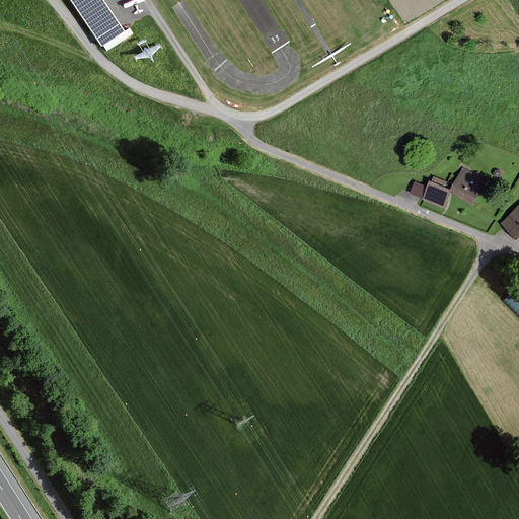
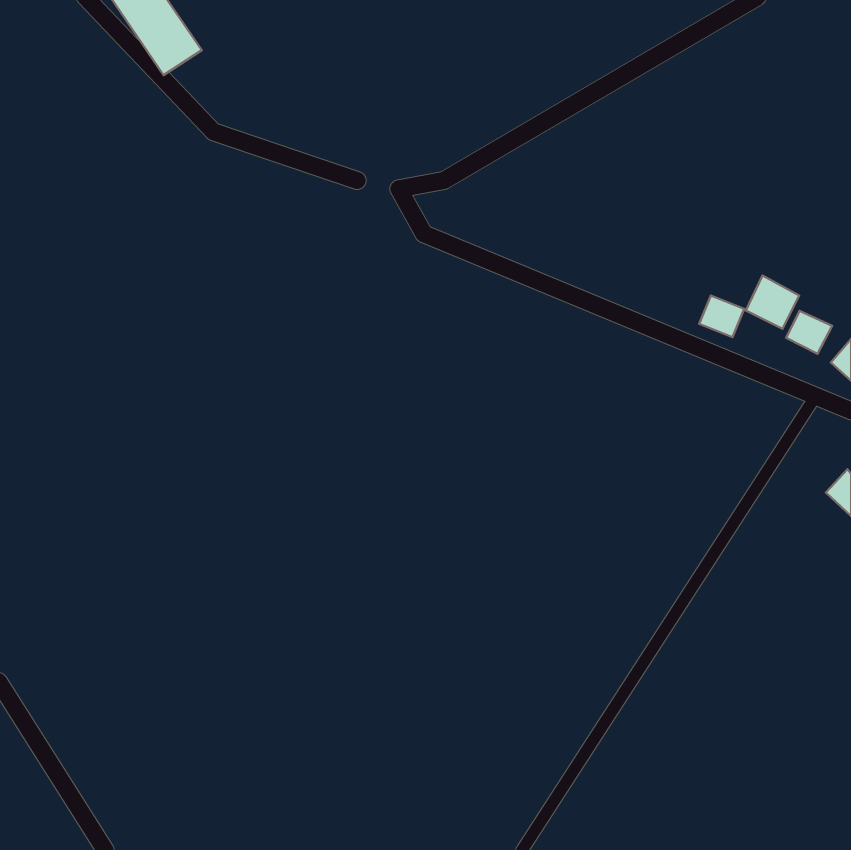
building: none -> [786,311,832,354]

